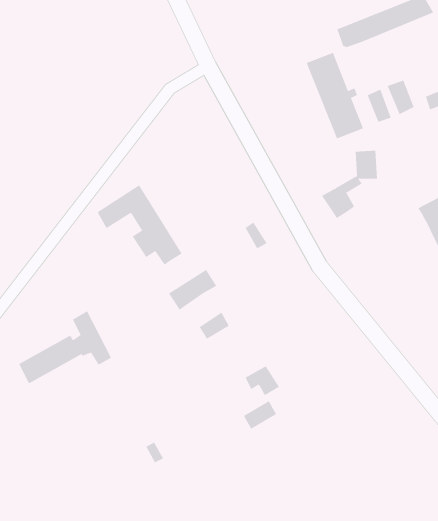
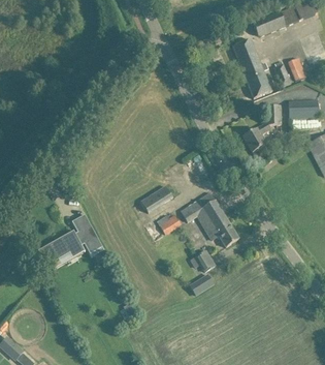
building: none -> [288,99,317,120]
building: [97,185,182,266] -> [181,192,238,247]

